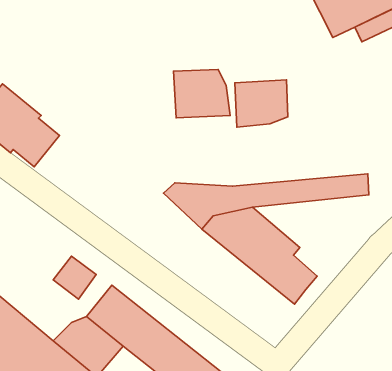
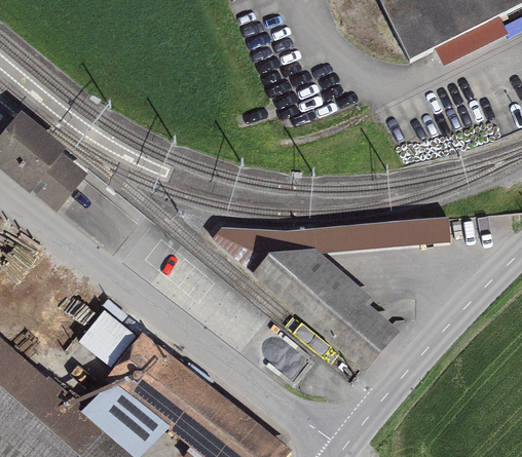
building: [173,69,230,118] -> none
building: [235,80,288,127] -> none

